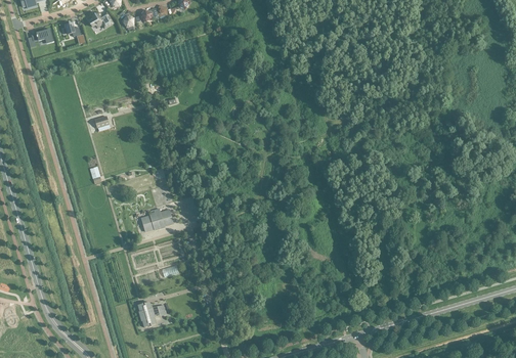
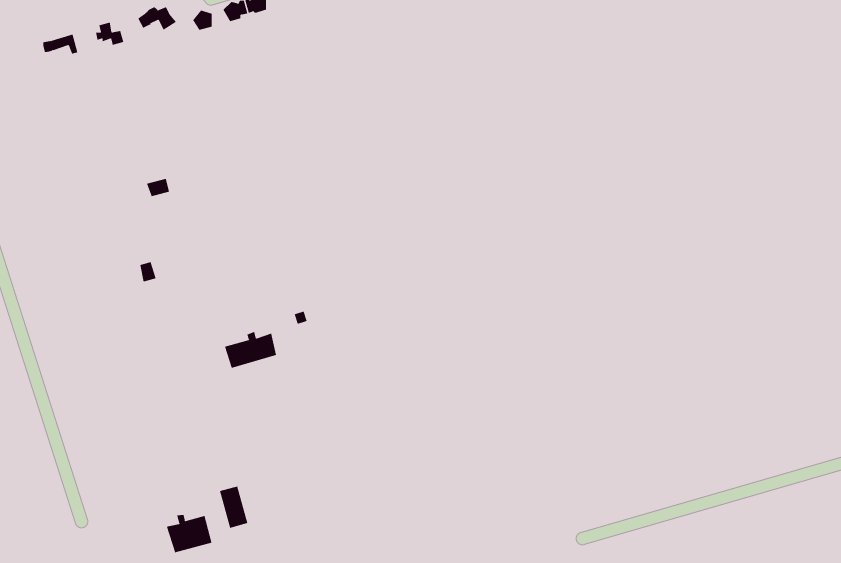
building: none -> [166,514,212,553]

